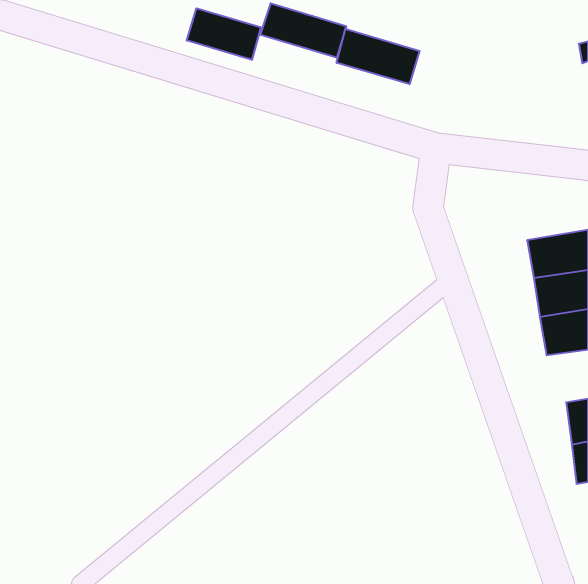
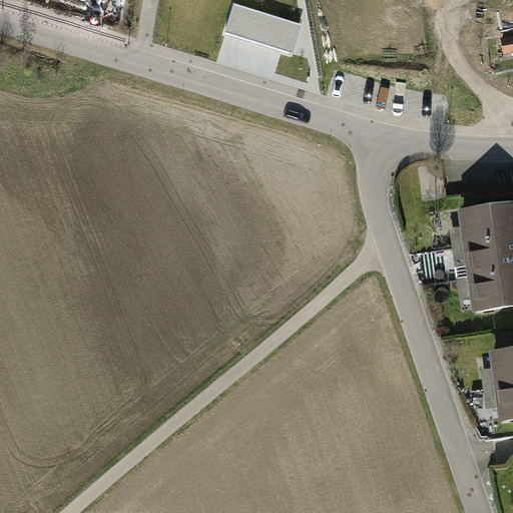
building: [187,8,261,60] -> none
building: [337,29,420,84] -> none

